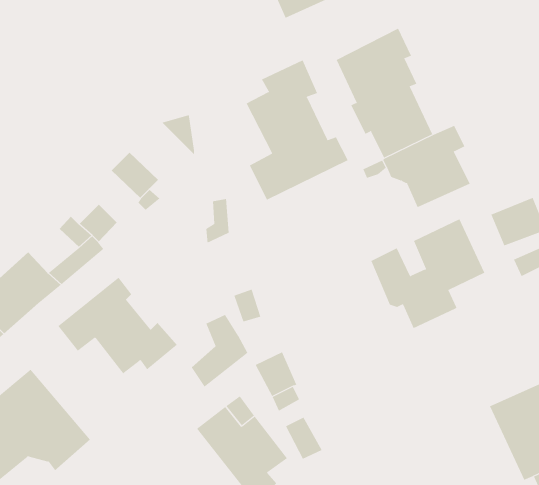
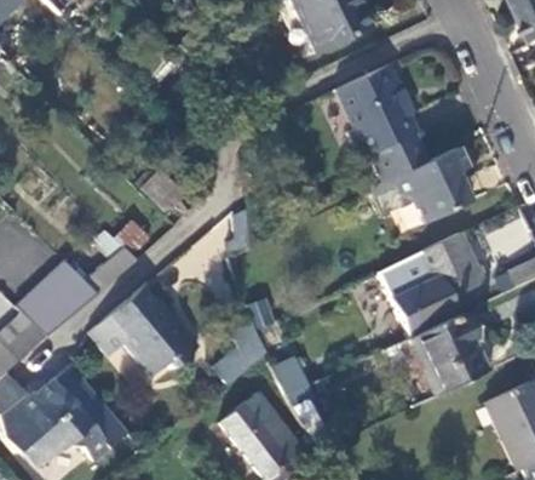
building: [246,59,348,201] -> none
building: none -> [405,314,482,395]

